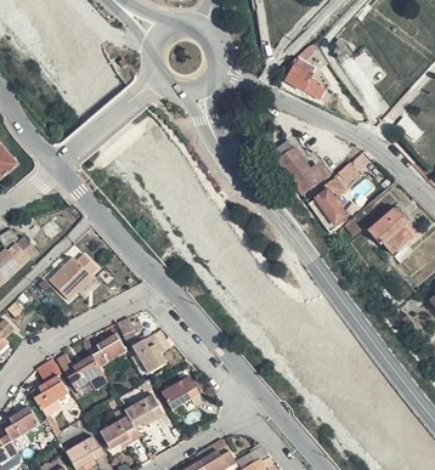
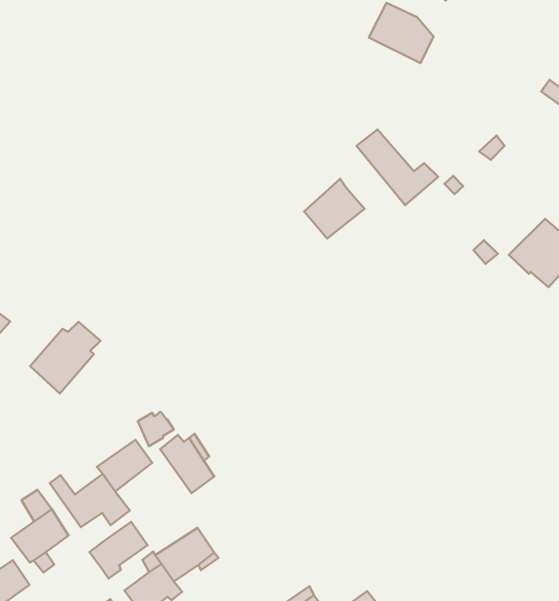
building: none -> [304,179,365,238]
building: [309,189,346,231] -> none
building: [160,375,198,409] -> none
building: none -> [89,522,148,578]

